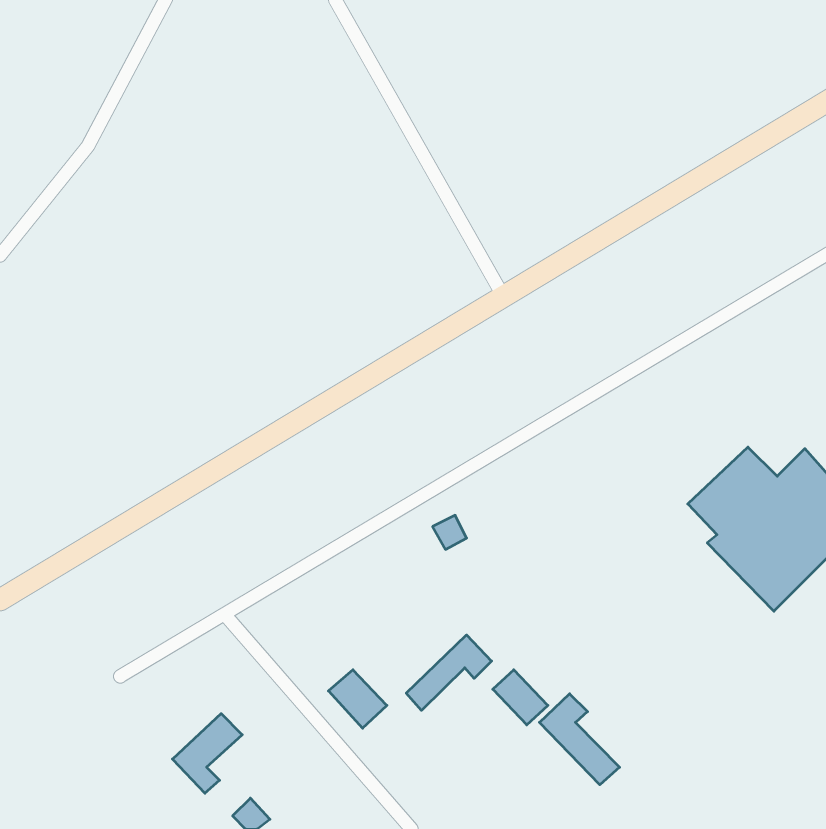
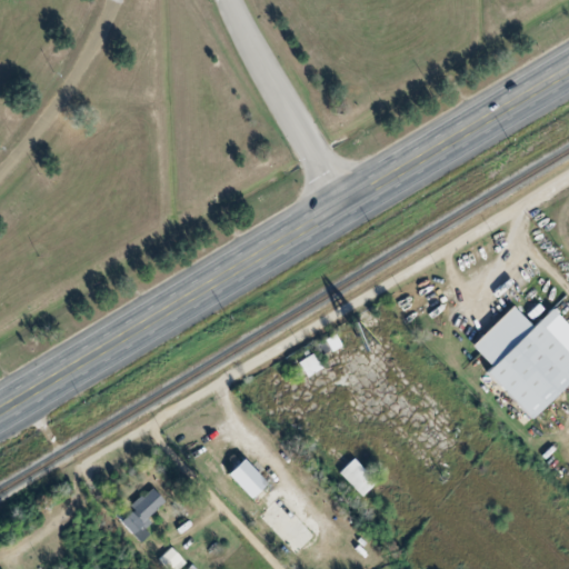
building: [406,635,492,710] -> none
building: [539,694,620,785] -> none

